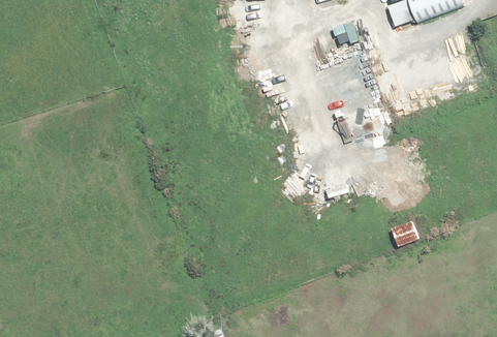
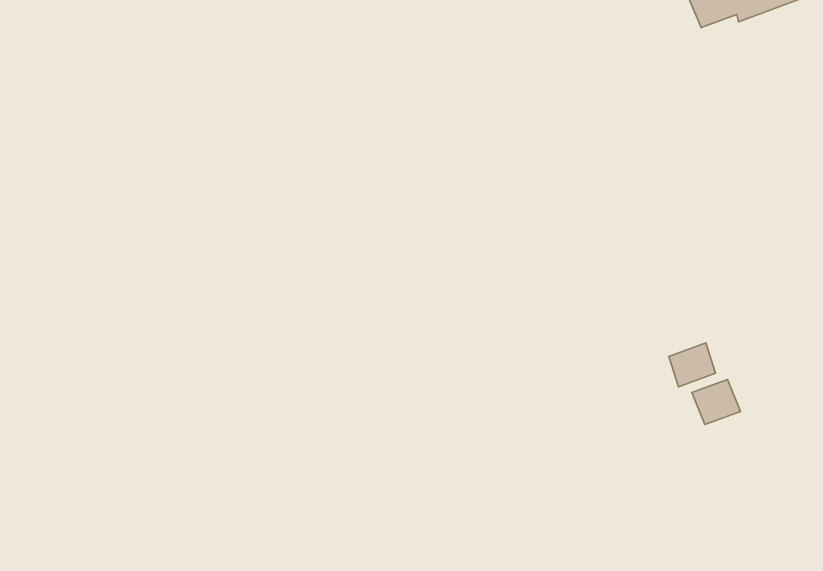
building: none -> [669,343,716,387]

